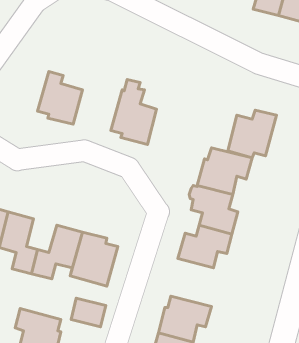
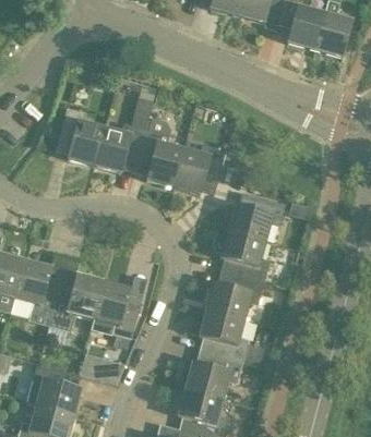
building: none -> [94,84,156,173]
building: [228,110,277,158] -> [173,144,226,195]
building: none -> [199,309,264,365]

